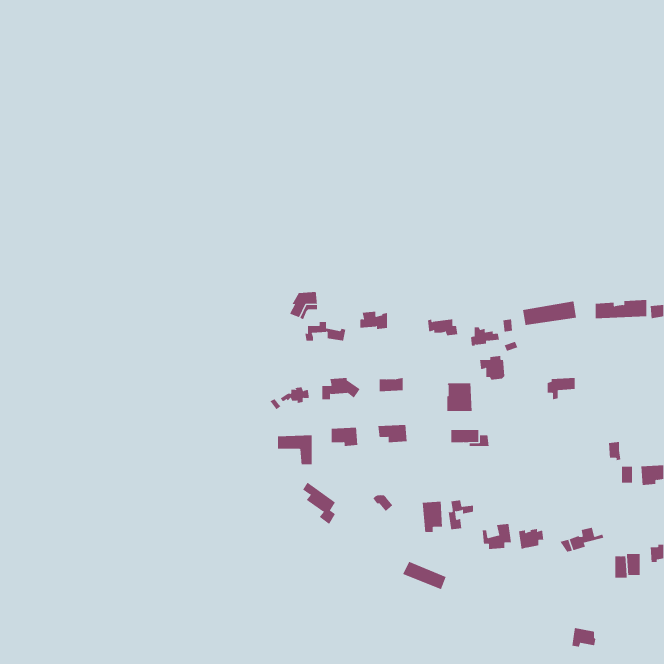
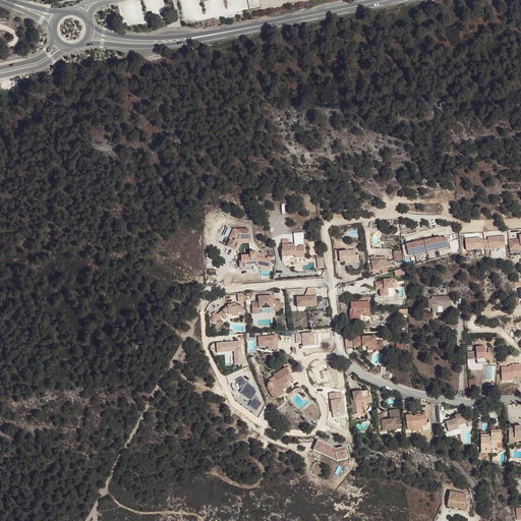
building: none -> [267,367,292,396]

